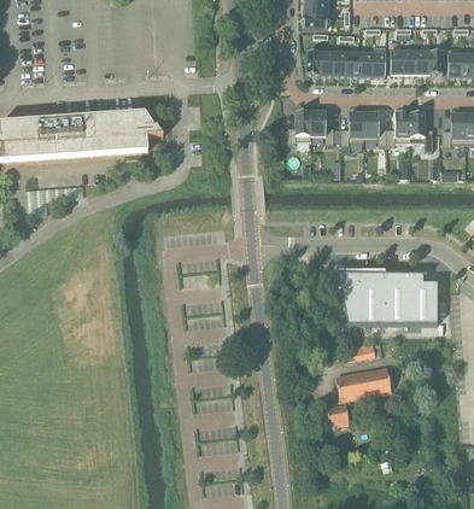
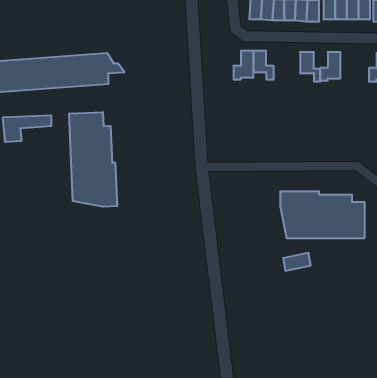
building: [341,111,364,144] -> none
building: [410,111,433,150] -> none
building: none -> [69,112,117,207]
building: [328,369,392,426] -> none

